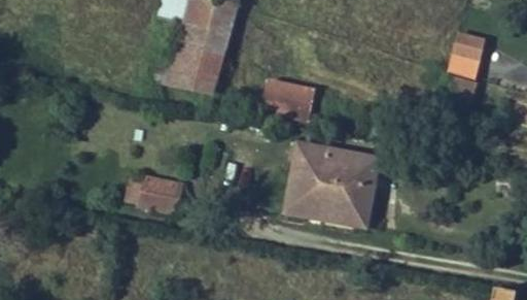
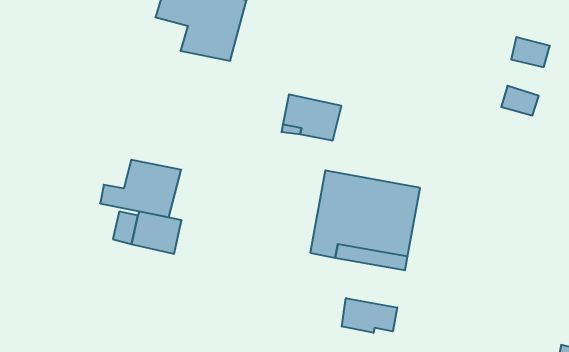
building: [155,44,222,92] -> [100,160,181,217]
building: none -> [342,298,397,333]

